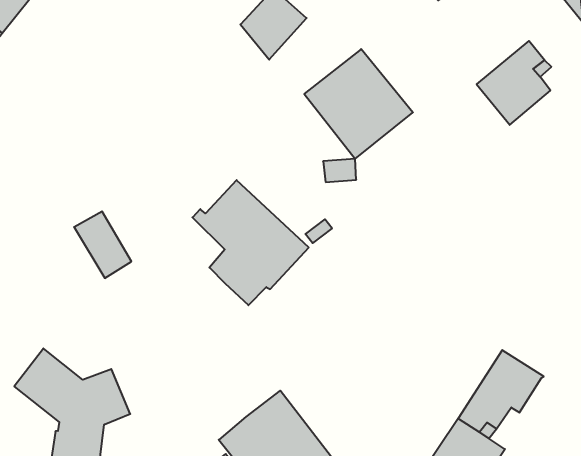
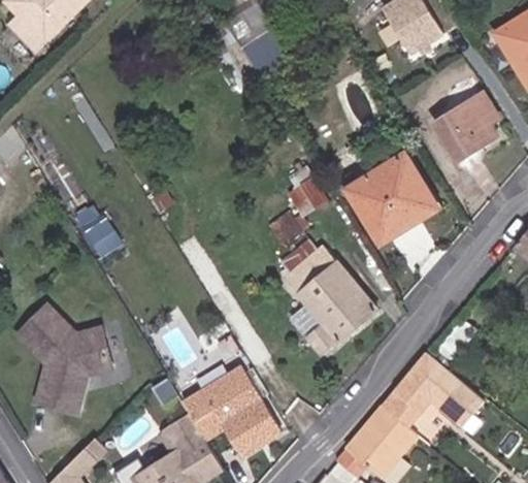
building: [304,49,413,159] -> [346,147,435,237]
building: [192,180,309,305] -> [282,248,375,353]
building: none -> [436,379,484,426]

